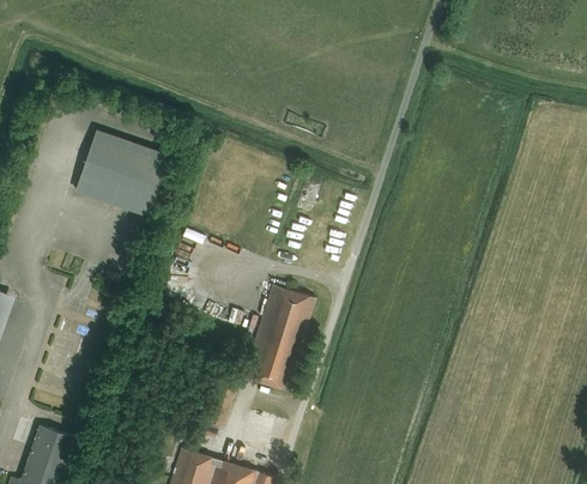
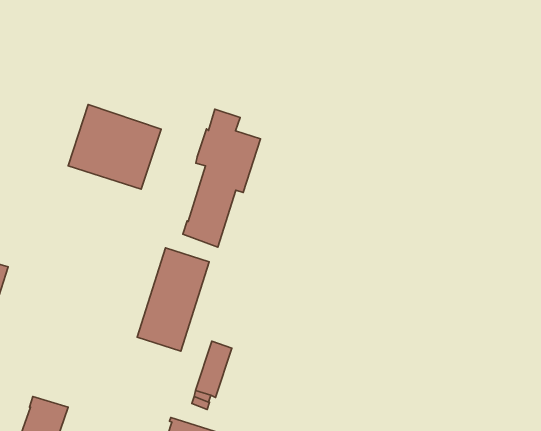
building: none -> [183,109,261,247]
building: [243,284,316,389] -> [137,248,209,351]

